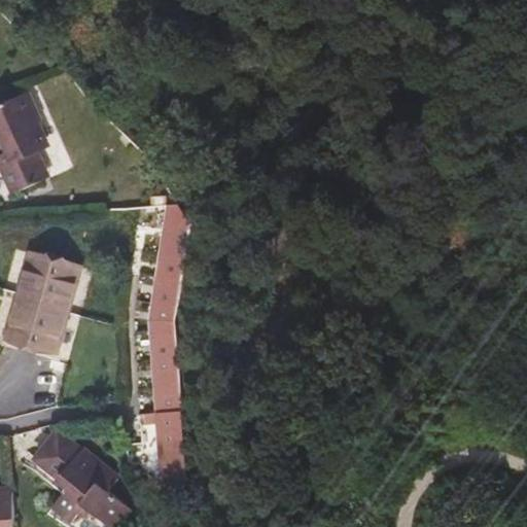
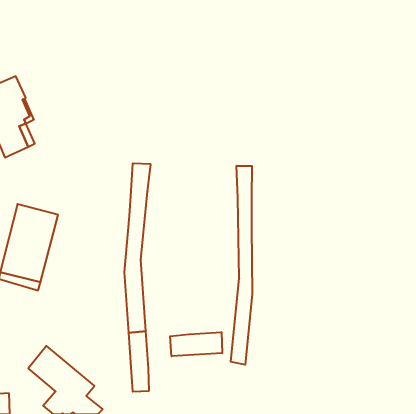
building: none -> [231,166,252,365]
building: none -> [170,332,222,356]

